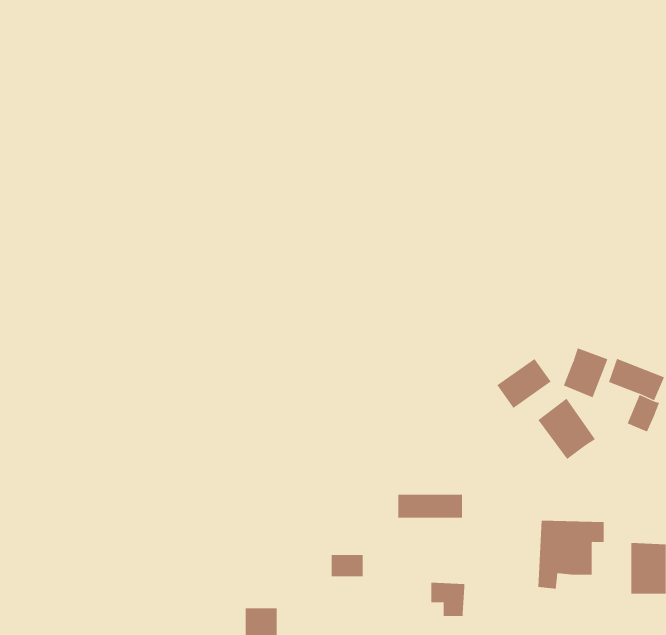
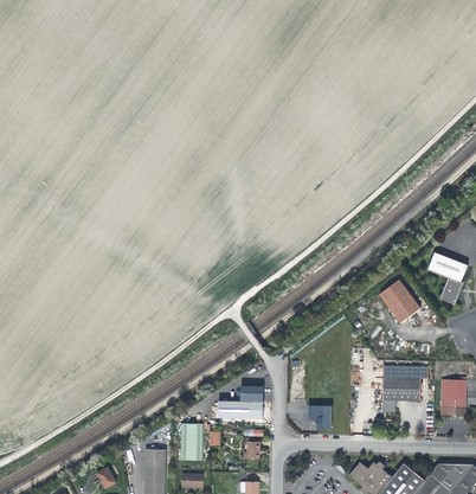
building: [563,347,608,398] -> none
building: [497,358,551,409] -> none
building: [397,494,463,518] -> [216,402,260,418]

